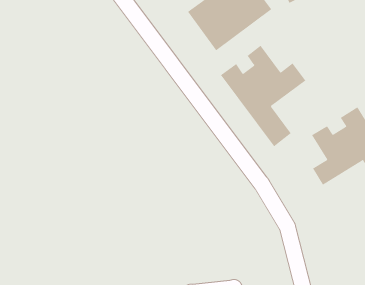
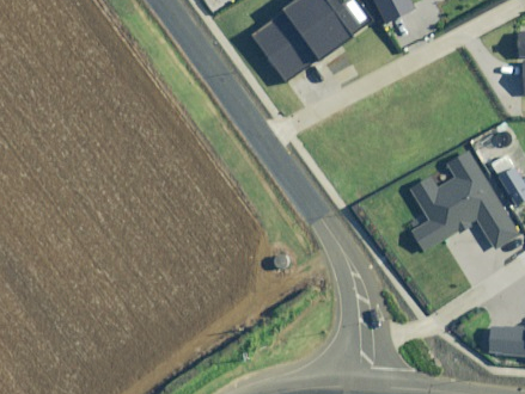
building: [220,45,306,147] -> none

